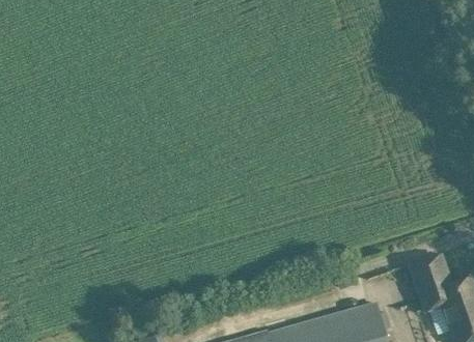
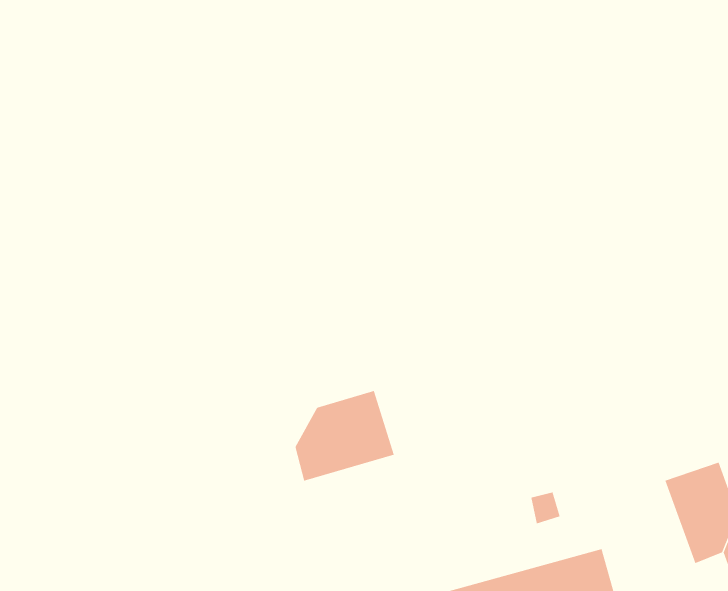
building: none -> [295,390,394,482]

